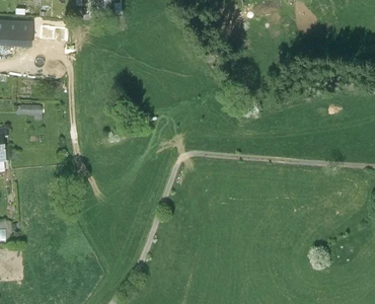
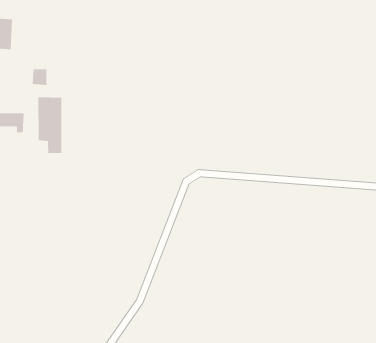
building: none -> [38,97,62,154]

